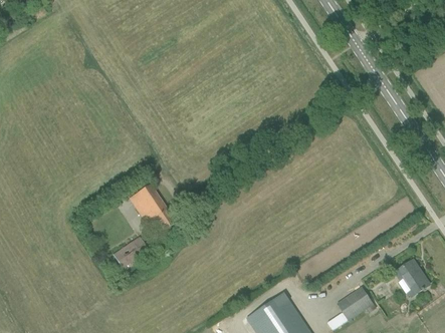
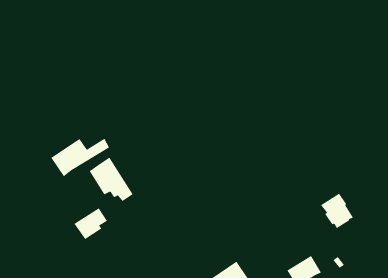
building: none -> [50,138,110,177]
building: [394,260,429,298] -> [320,193,354,229]

